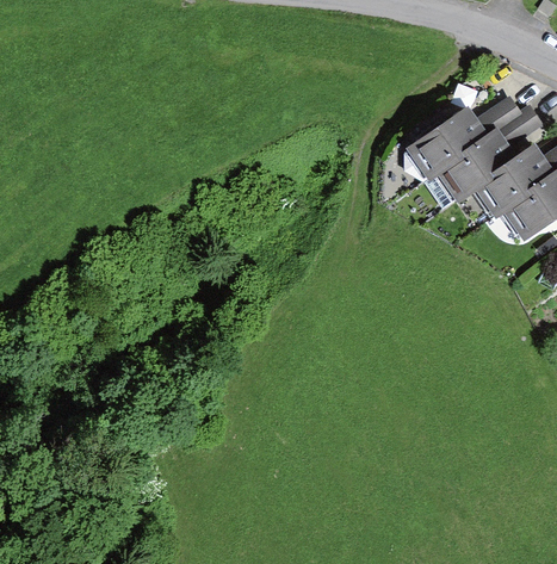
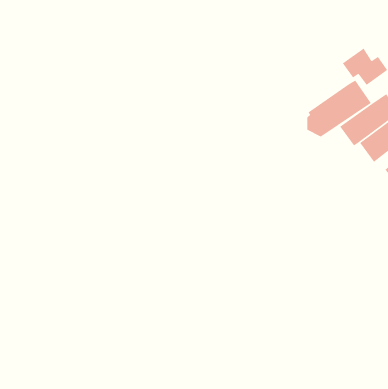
building: [404,105,490,182] -> none

